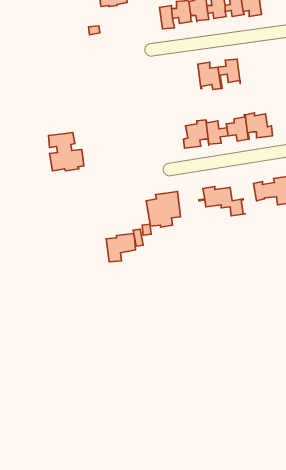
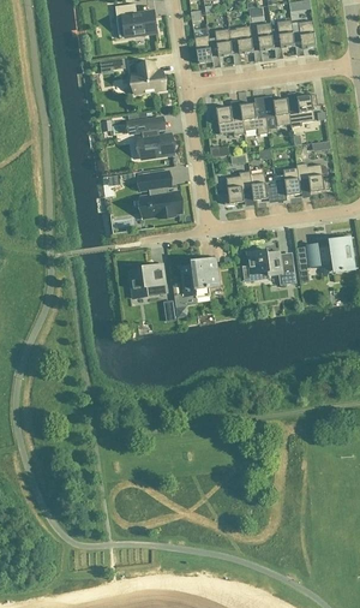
building: none -> [132,61,164,93]
building: none -> [287,93,317,126]
building: none -> [211,103,244,135]
building: none -> [128,118,173,156]
building: [48,132,84,171] -> [139,171,181,216]
building: [106,234,136,262] -> [130,263,164,297]

